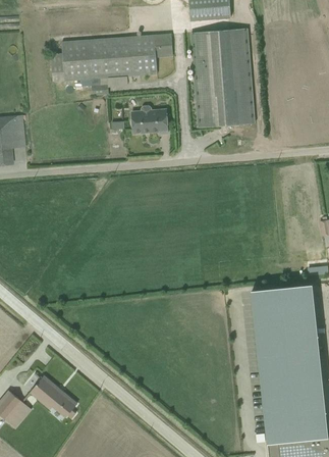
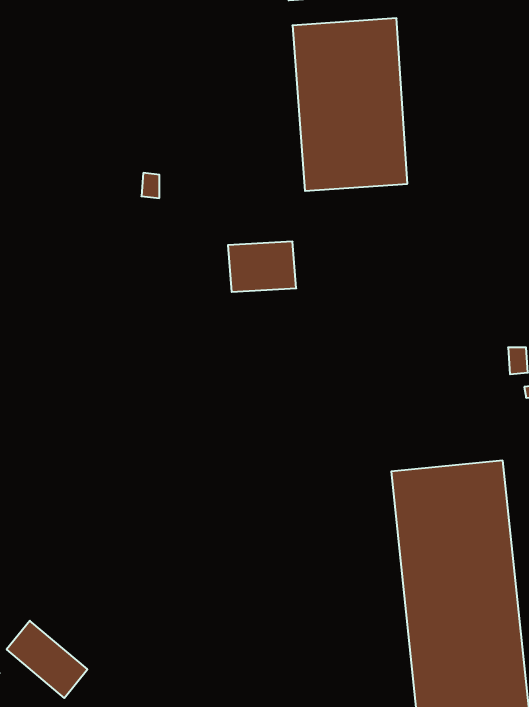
building: [51,35,174,83] -> none
building: [128,107,167,136] -> [228,242,296,292]

